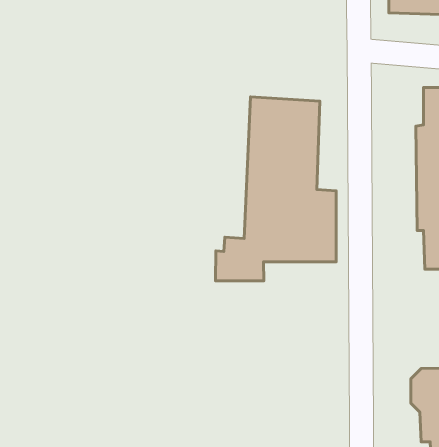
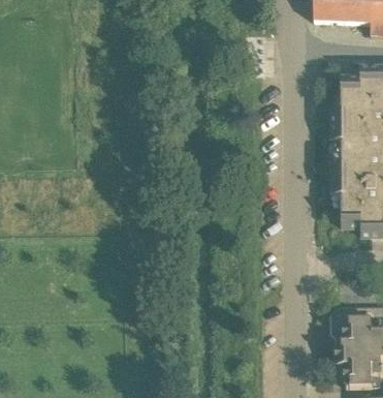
building: [215,97,336,281] -> none

